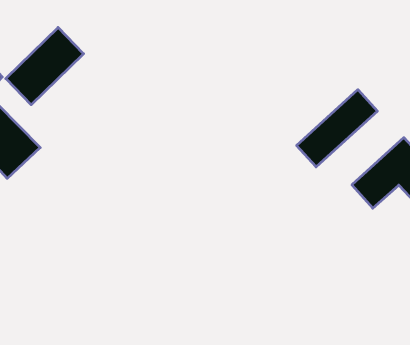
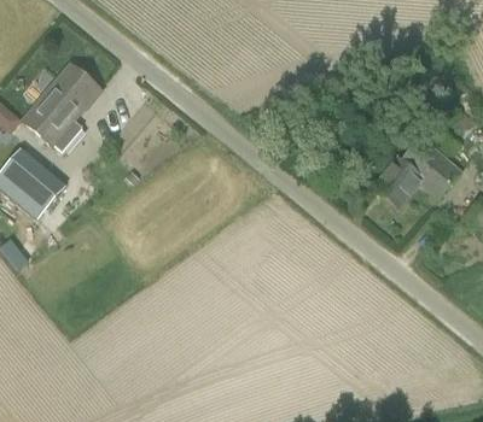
building: [297,90,377,167] -> none

